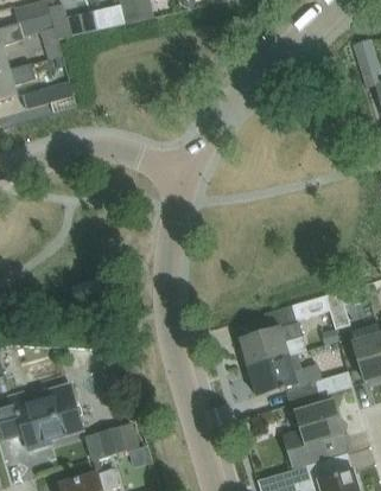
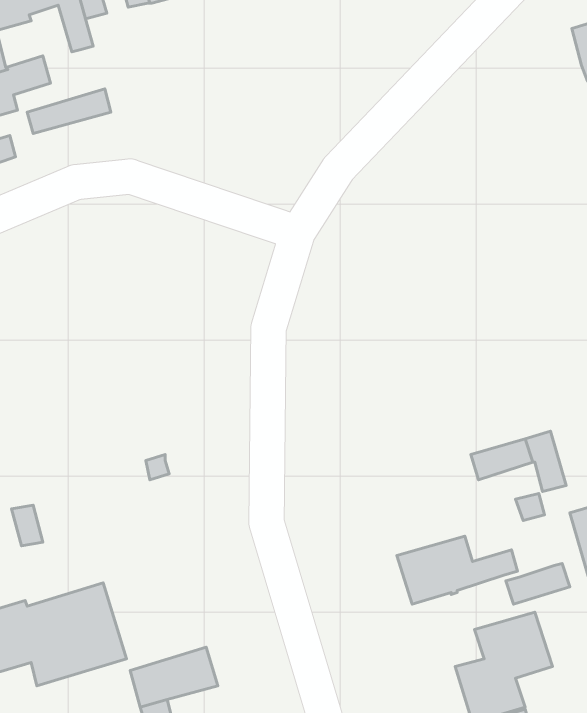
building: [239,323,301,366] -> none

